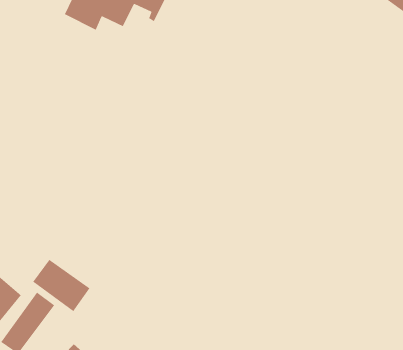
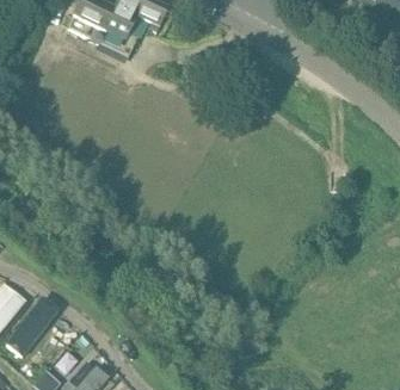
building: [32,259,90,312] -> none

